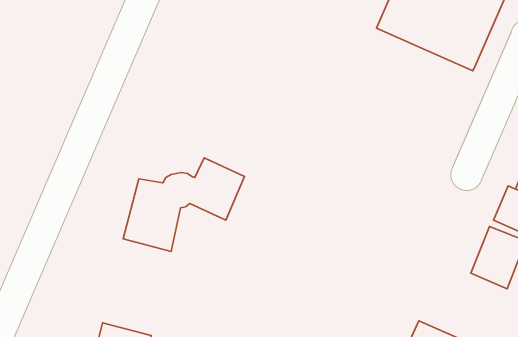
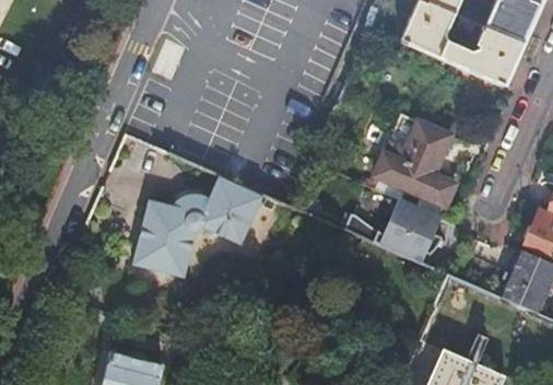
building: none -> [375,120,454,207]
building: none -> [380,198,440,265]

